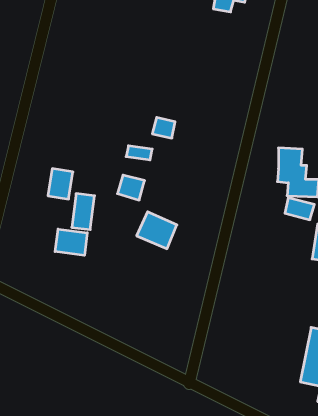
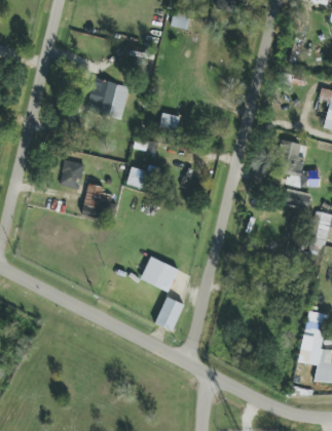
building: none -> [86,78,130,119]
building: [137,212,177,249] -> [140,257,178,291]
building: [55,229,87,255] -> none
building: none -> [154,297,184,331]

